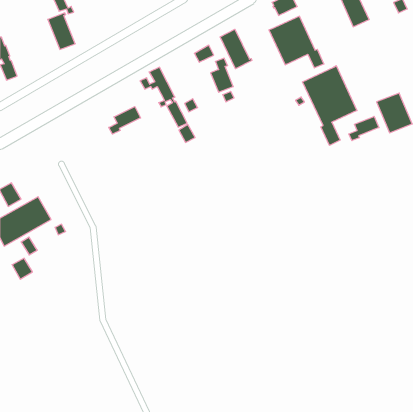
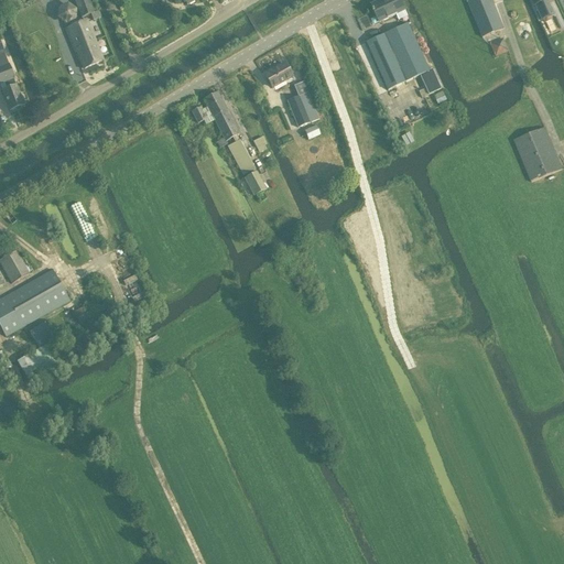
building: [220,29,252,69] -> none
building: [302,66,357,145] -> none
building: [109,107,141,134] -> none
building: [349,116,379,141] -> none

